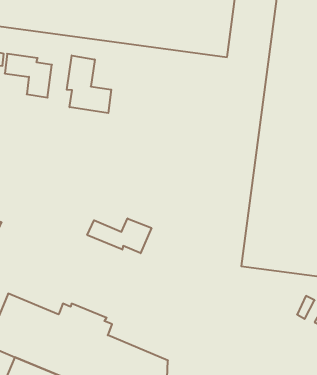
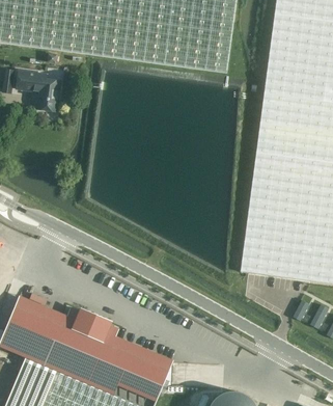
building: [67,55,111,113] -> none
building: [87,218,151,253] -> none

